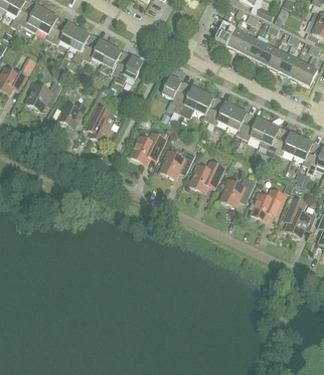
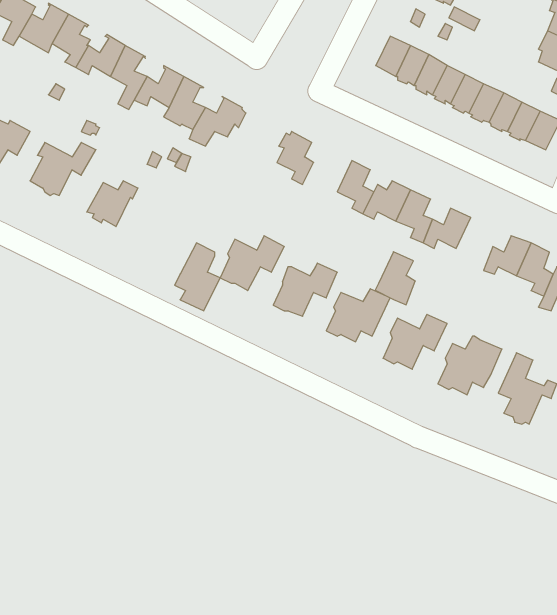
building: [174,85,203,117] -> none
building: [87,104,112,141] -> [175,243,220,311]
building: [259,122,281,151] -> [375,252,415,305]

